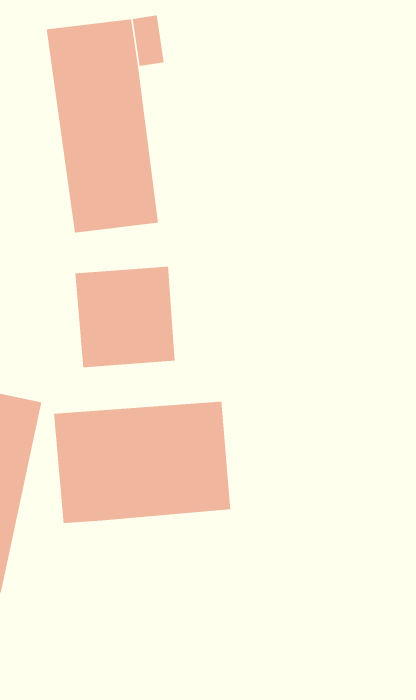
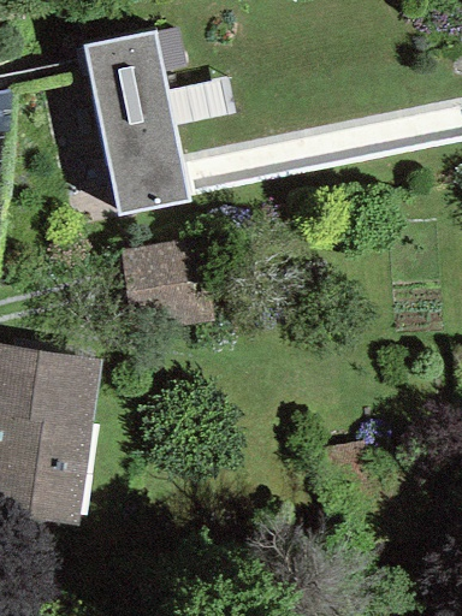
building: [54,401,231,524] -> none

